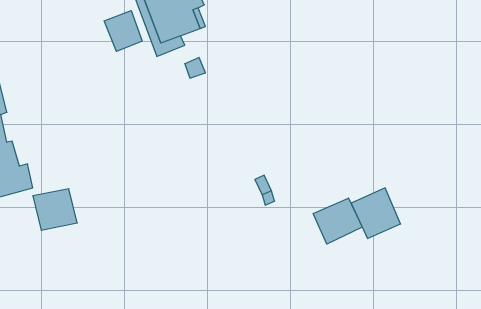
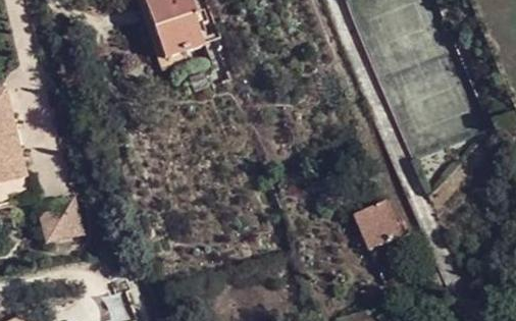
building: [104,11,142,51] -> none
building: [313,198,362,244] -> none

